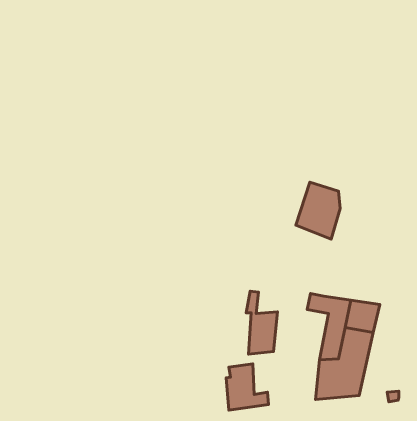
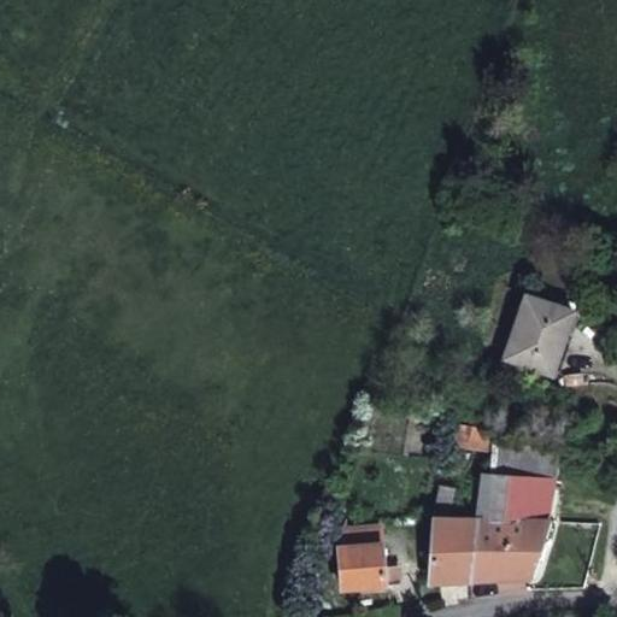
building: [296,182,340,239] -> [503,295,568,378]
building: [246,291,277,354] -> [428,494,474,586]

